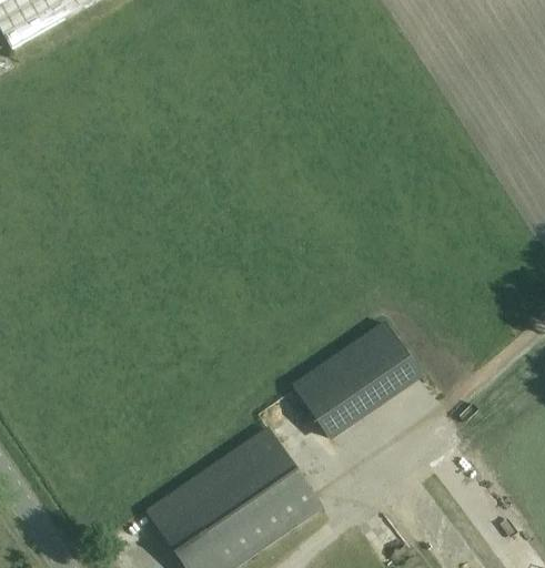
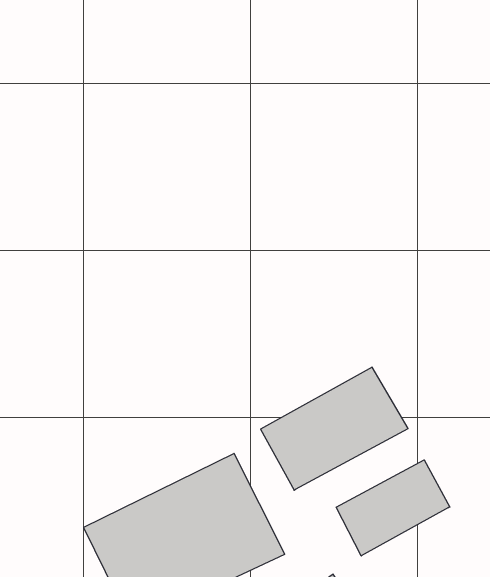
building: none -> [336,460,450,556]

